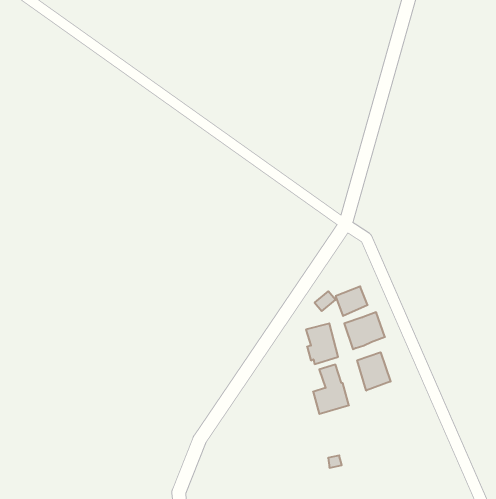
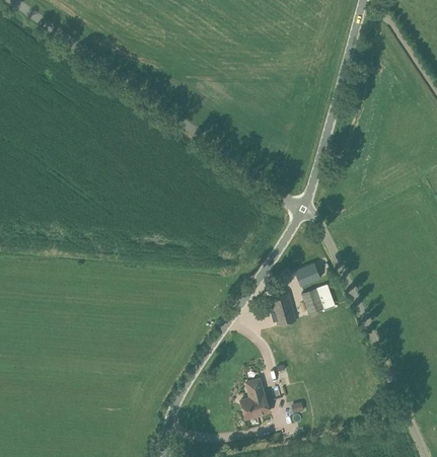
building: [357,352,391,391] -> none
building: [313,365,349,414] -> [240,378,270,418]

